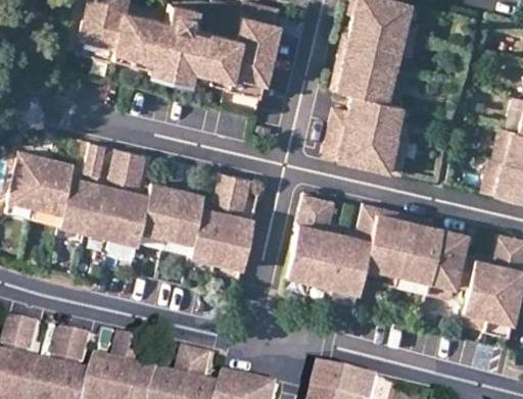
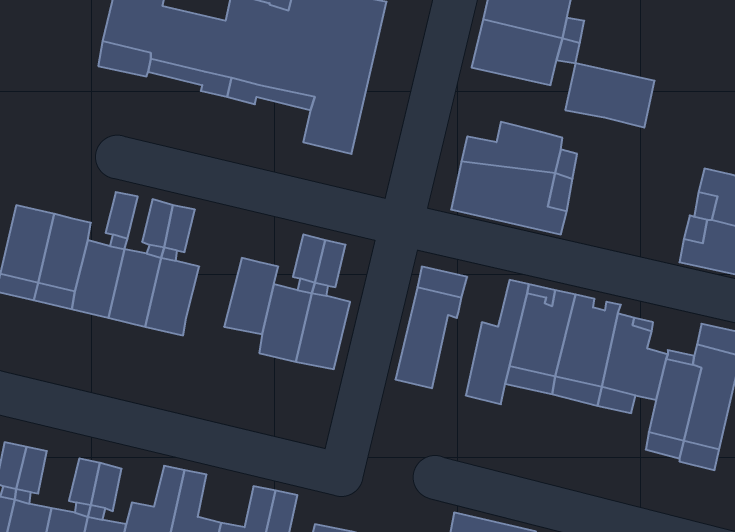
building: [331,57,393,102] -> [565,63,655,128]
building: [139,184,178,238] -> none
building: [311,230,345,286] -> none

